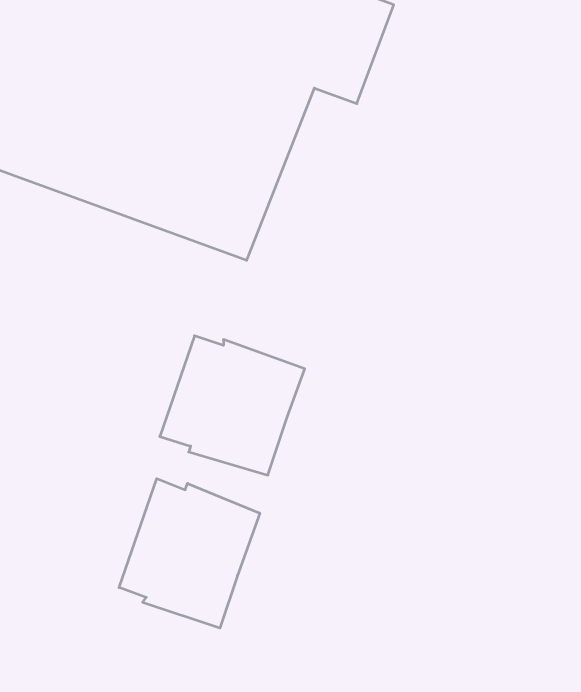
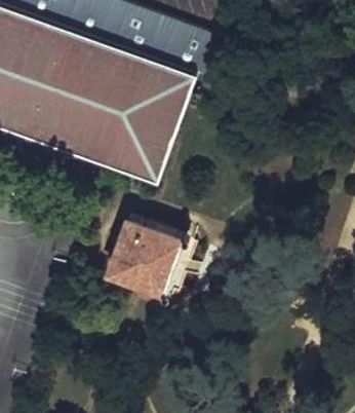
building: [119,479,260,628] -> none

